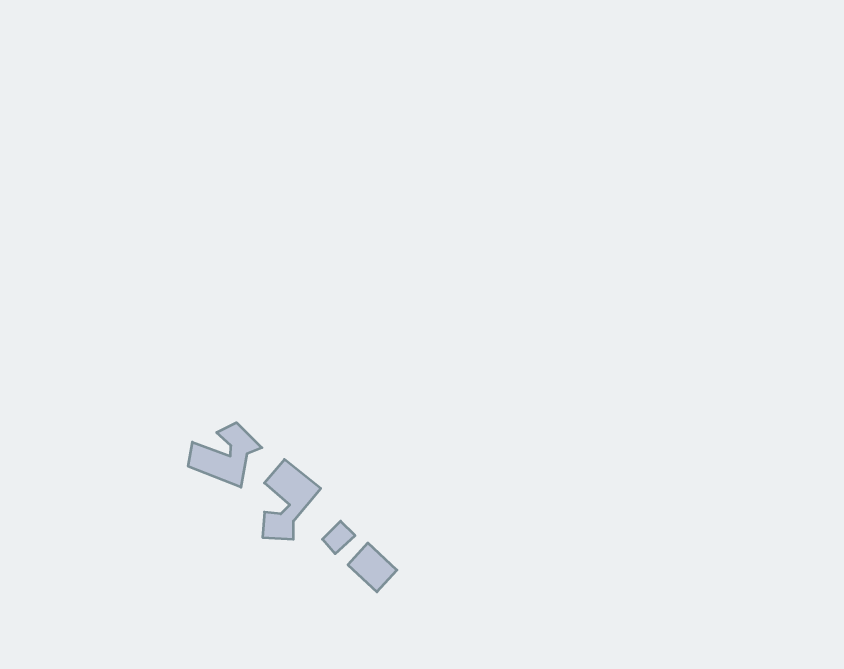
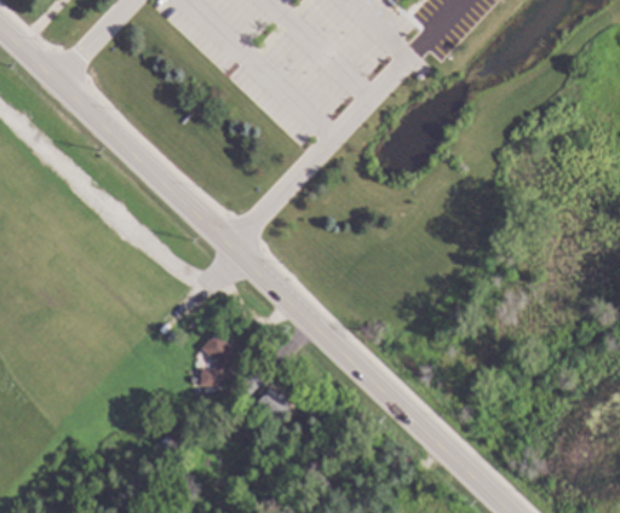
building: [188,423,262,487] -> none

